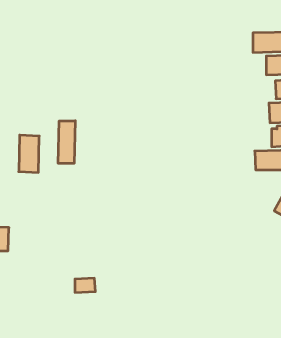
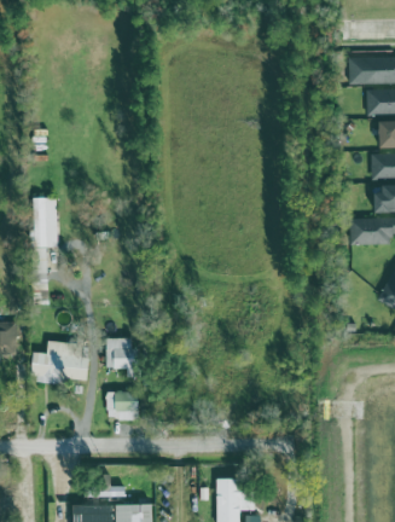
building: [58,121,75,163] -> none
building: none -> [106,338,132,369]
building: none -> [31,342,89,384]

